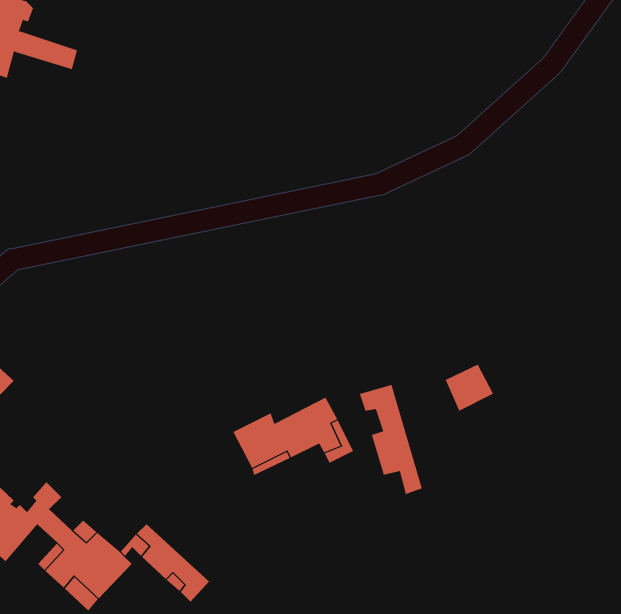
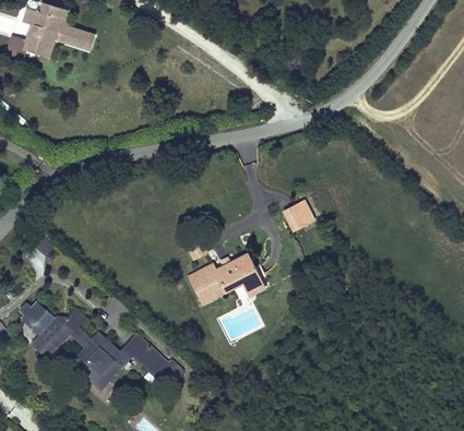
building: [445,364,494,411] -> [282,196,312,226]
building: [359,384,422,495] -> none

